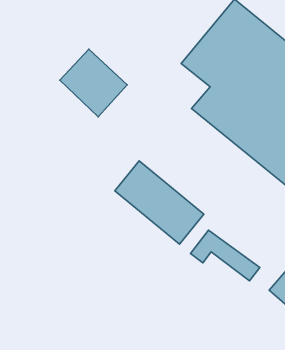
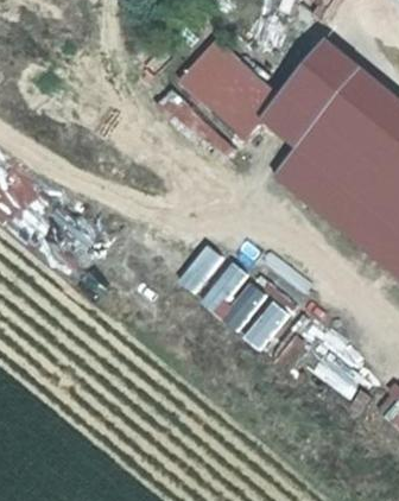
building: [60,49,127,117] -> [178,46,264,132]

